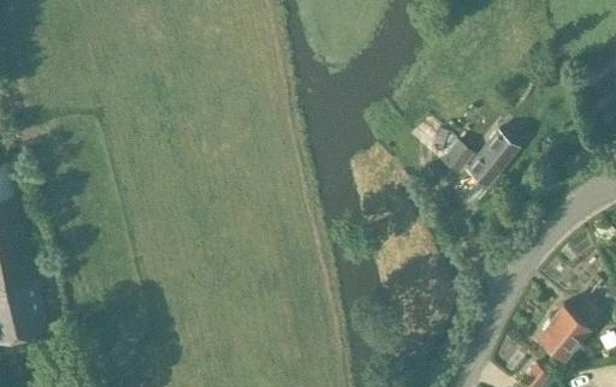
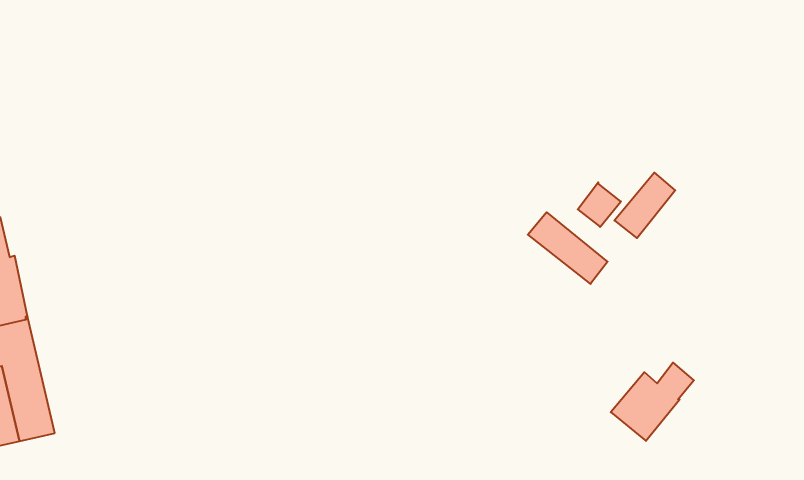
building: none -> [528,212,608,284]
building: [534,304,597,363] -> [611,363,694,441]

